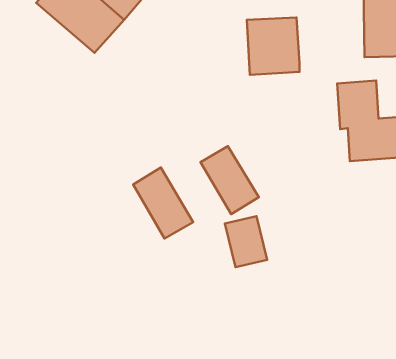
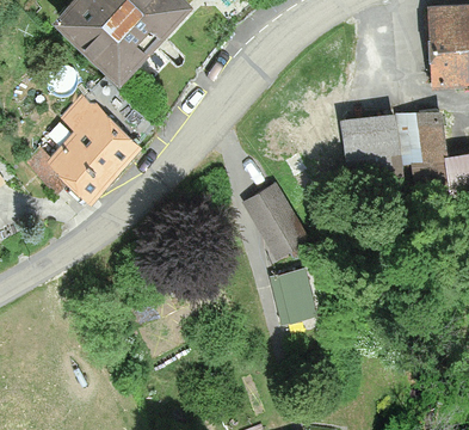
building: [247,18,300,75] -> [341,113,401,178]
building: none -> [45,90,143,201]
building: [133,168,193,238] -> none

